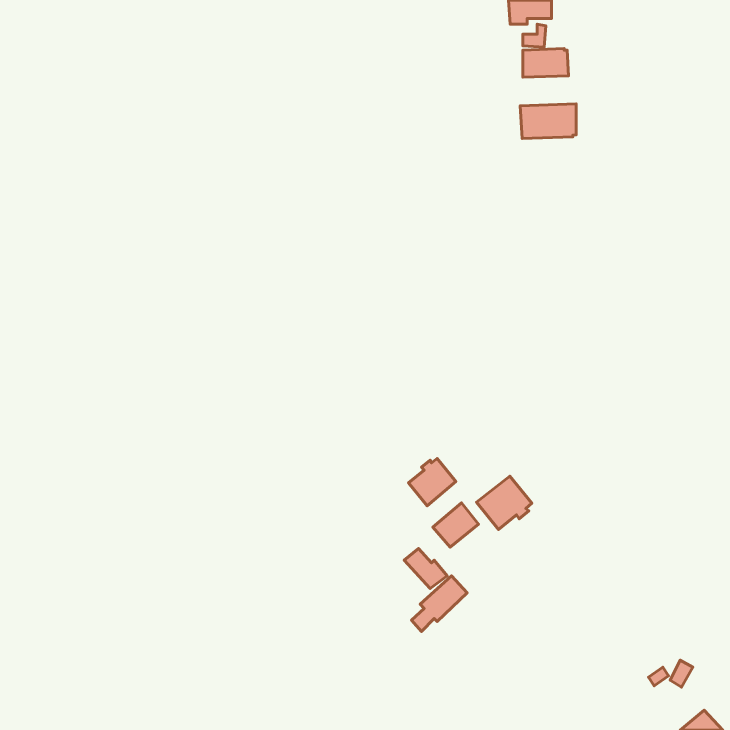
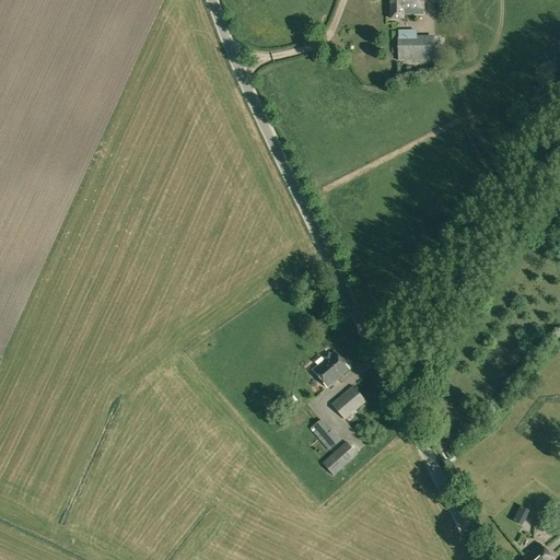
building: [520,104,576,138] -> none
building: [476,476,532,529] -> none

